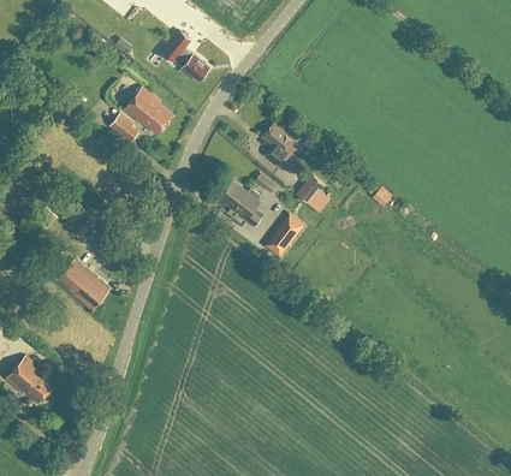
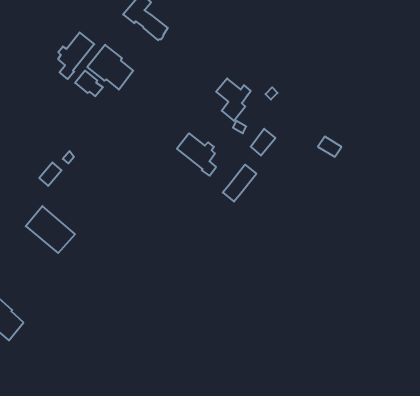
building: none -> [58,32,94,79]

